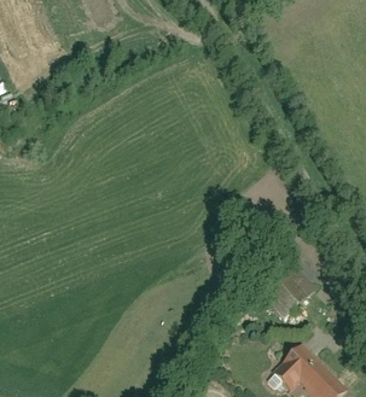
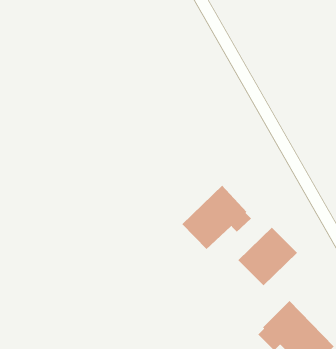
building: none -> [181,185,252,250]

